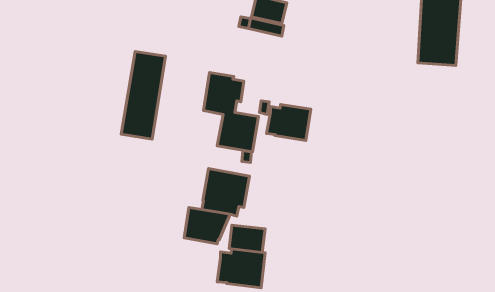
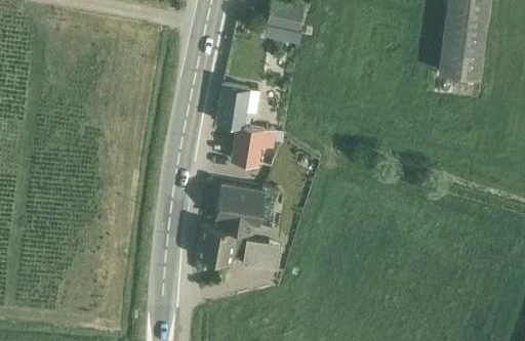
building: [121,51,165,139] -> none
building: [266,104,311,141] -> none
building: [217,249,265,288] -> none

